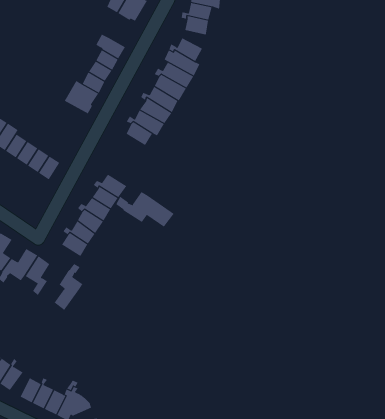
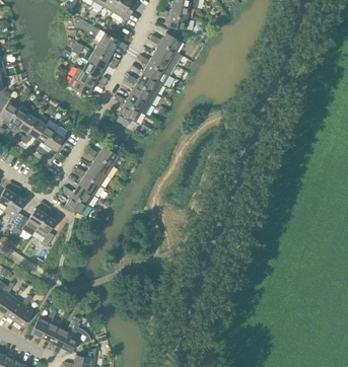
building: [116,191,174,228] -> none
building: [54,263,83,311] -> none

